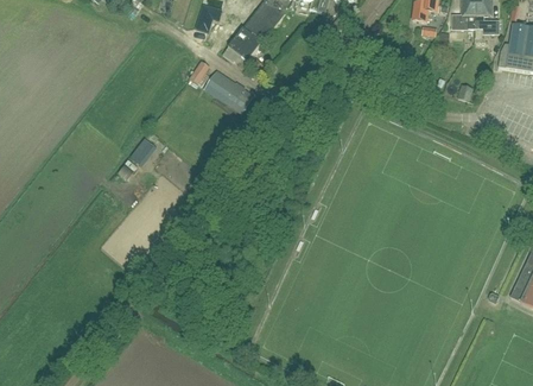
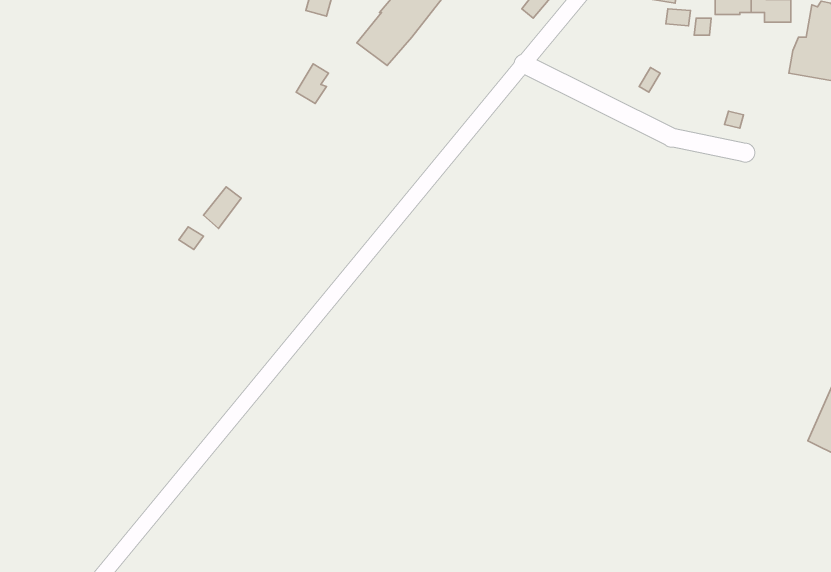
building: [205,70,253,112] -> none

